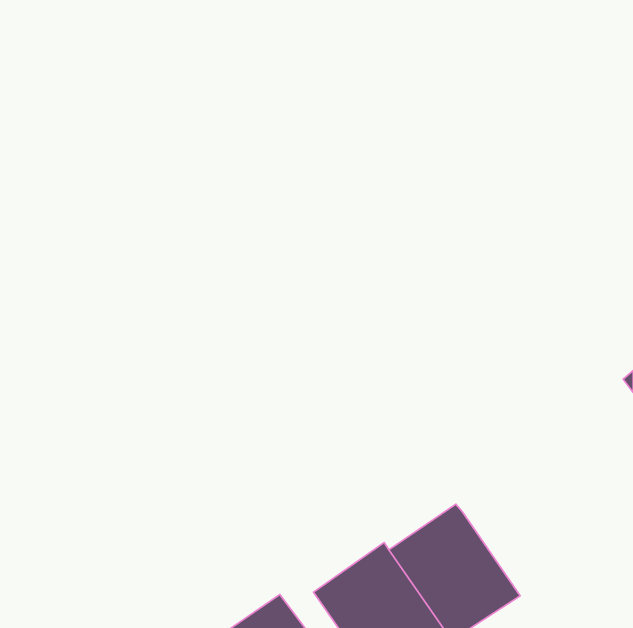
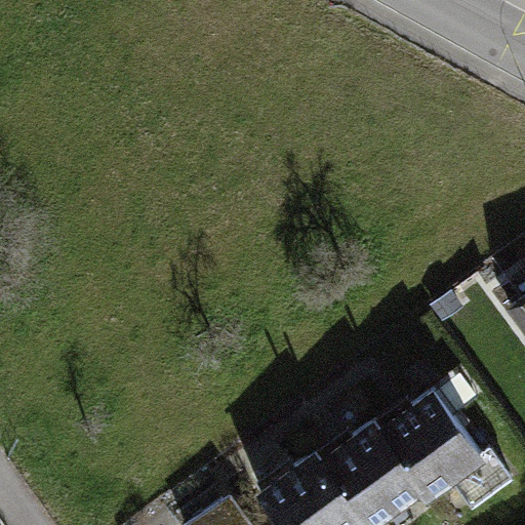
building: none -> [382,391,487,501]

